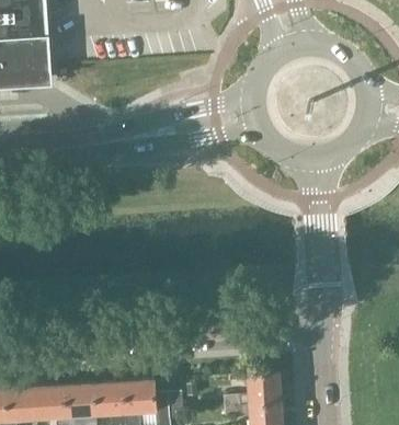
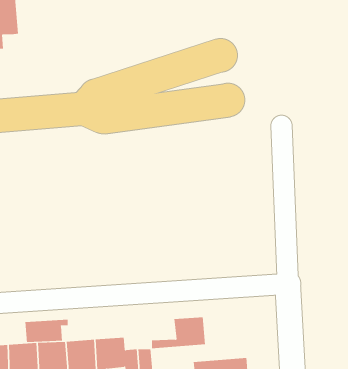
building: none -> [25,319,68,343]
building: [226,372,282,405] -> [151,317,206,349]

